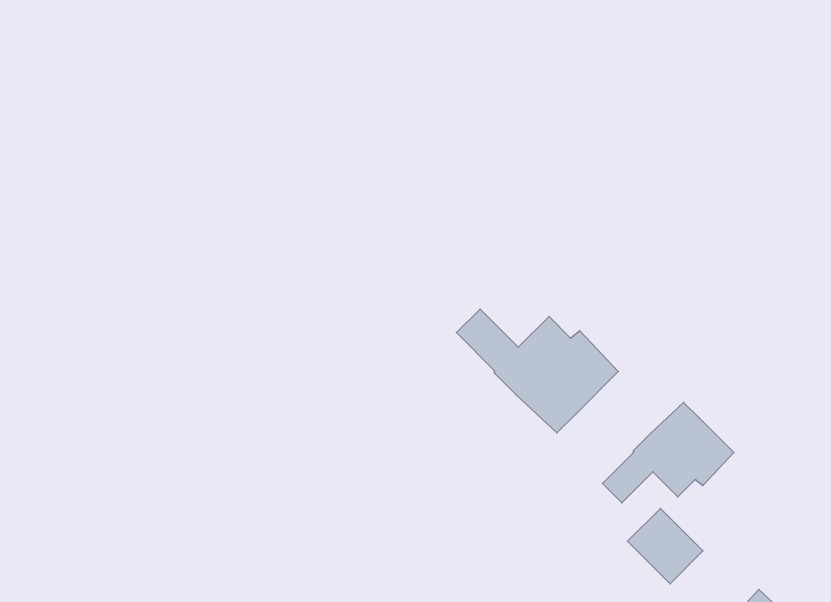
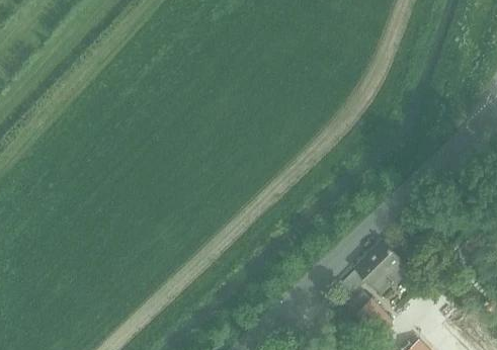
building: [456,309,618,433] -> none

